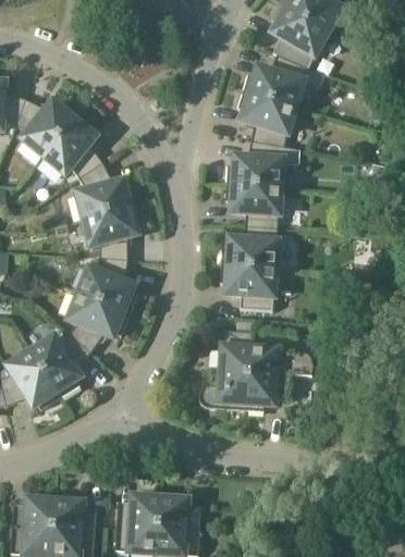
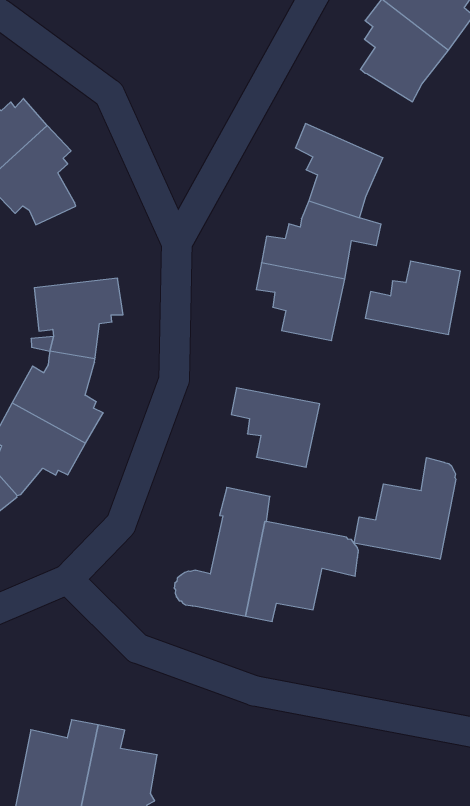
building: [242,55,308,108] -> none
building: [76,164,135,220] -> none
building: [220,226,277,270] -> [365,261,460,334]
building: none -> [354,458,456,559]

